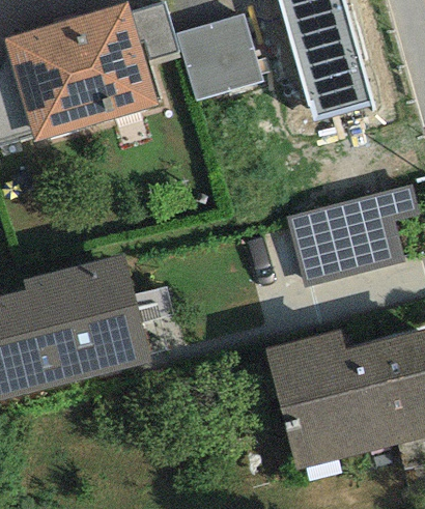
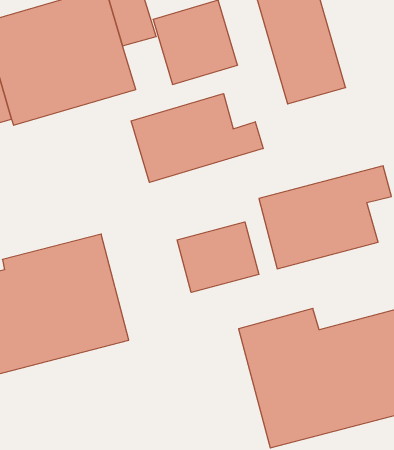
building: none -> [131,94,263,182]
building: none -> [177,222,259,292]

